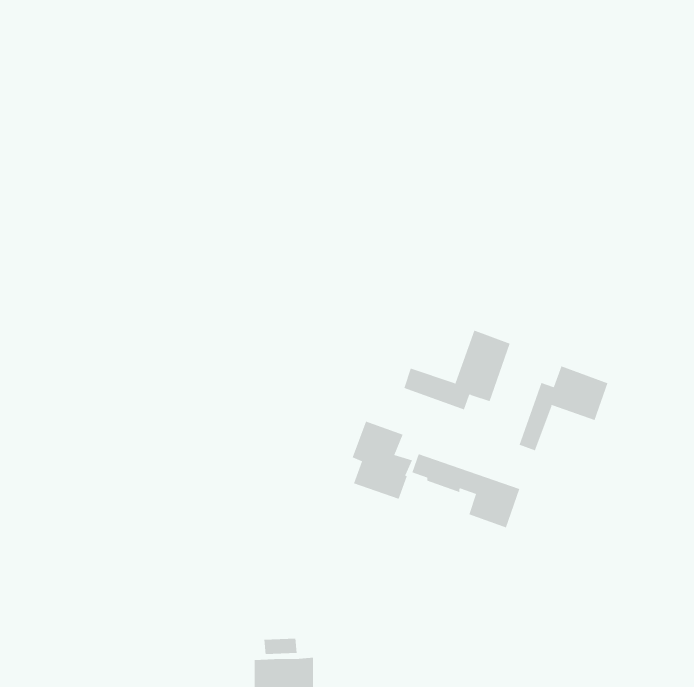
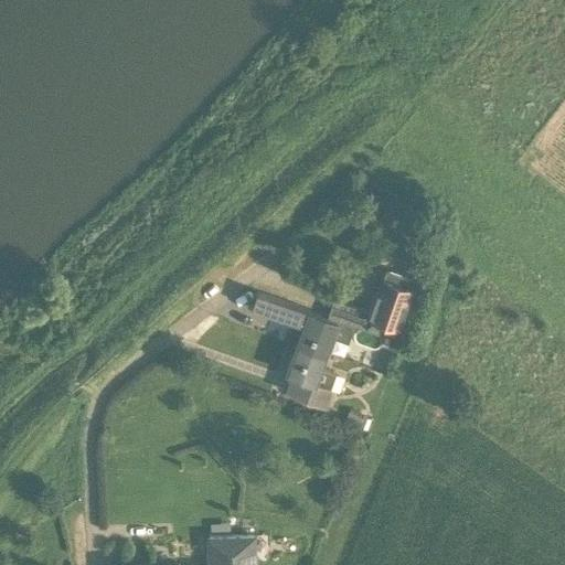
building: [519,366,608,451] -> none
building: [411,454,520,528] -> [250,298,339,359]

